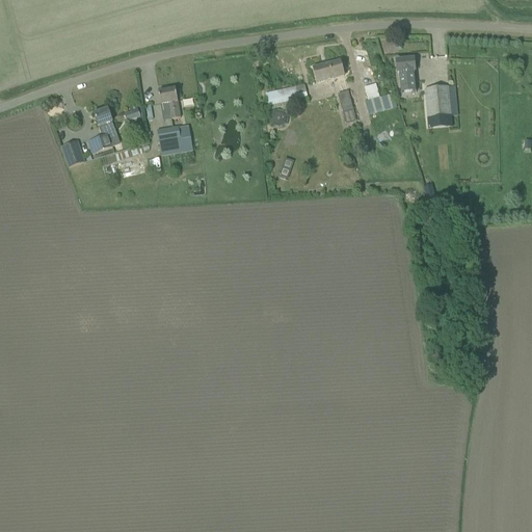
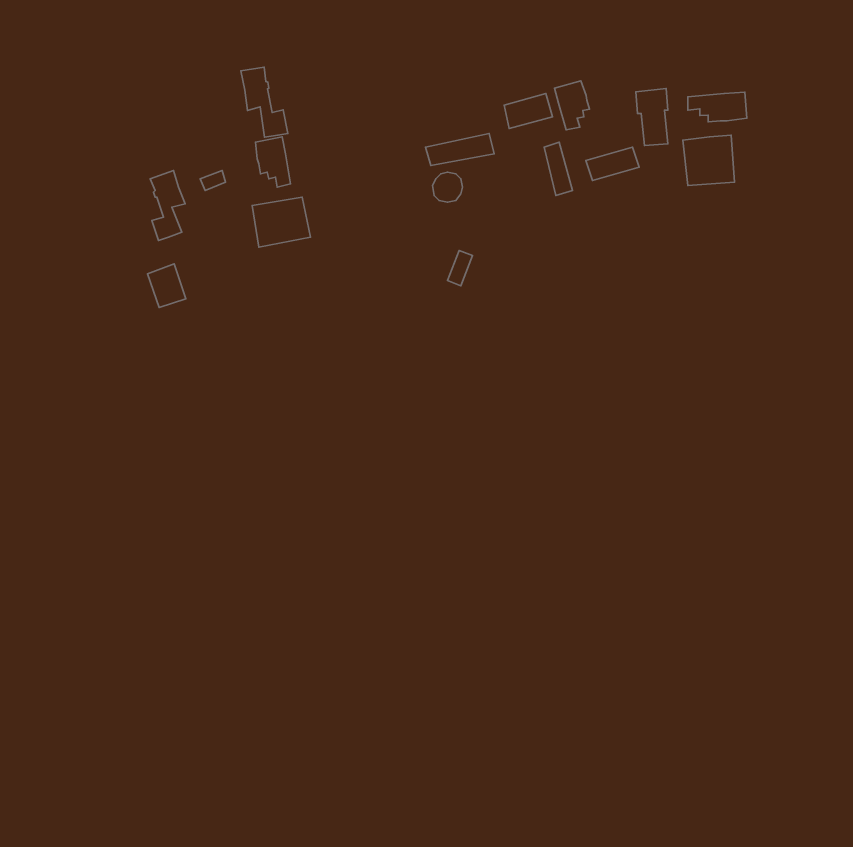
building: none -> [241,67,288,137]
building: none -> [555,81,589,130]
building: none -> [688,92,747,122]
building: [61,139,85,166] -> [148,264,186,307]

